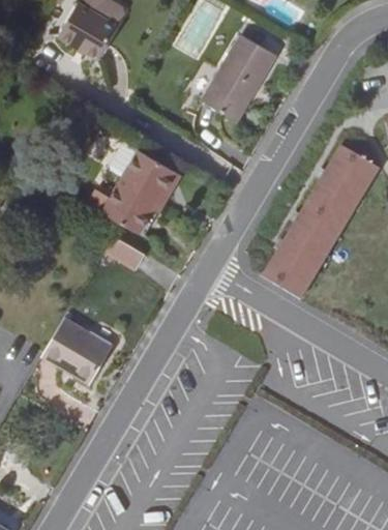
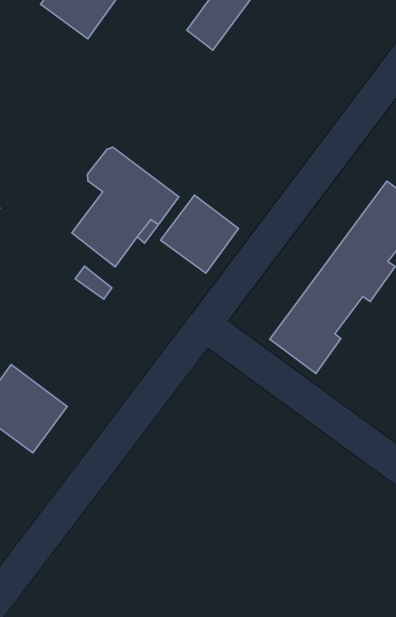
building: [205,34,273,119] -> none
building: none -> [161,195,239,273]

